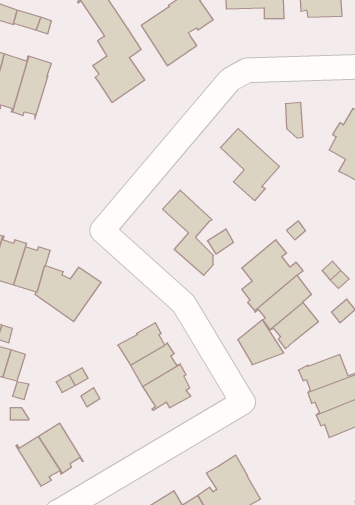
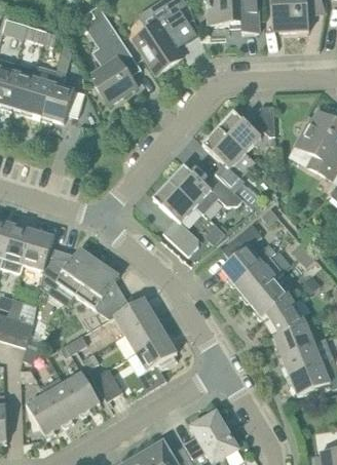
building: none -> [41,82,85,122]
building: none -> [218,110,260,152]
building: none -> [167,164,241,212]
building: none -> [75,261,130,319]
building: [238,320,284,365] -> [266,295,306,334]
building: none -> [91,367,122,400]
building: none -> [63,369,100,416]

